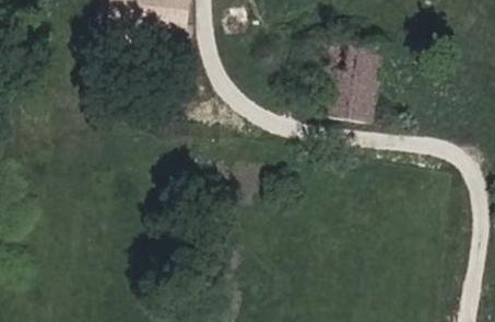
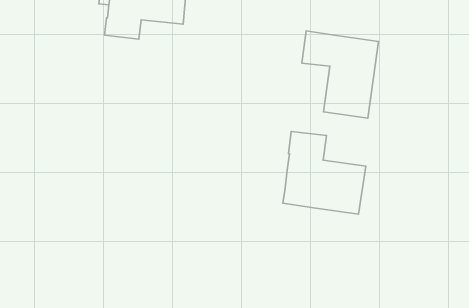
building: none -> [283,131,366,214]

